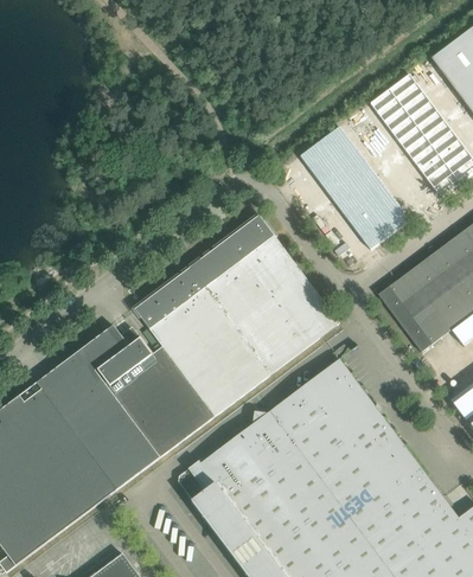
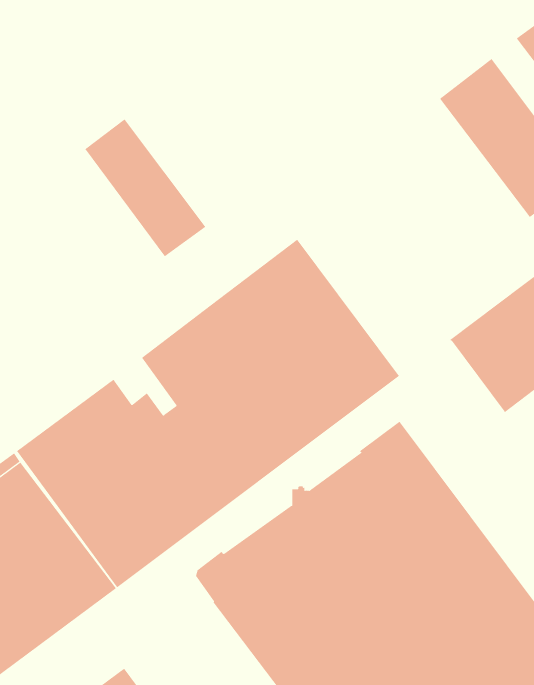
building: none -> [85,118,206,257]
building: [300,126,411,251] -> none

